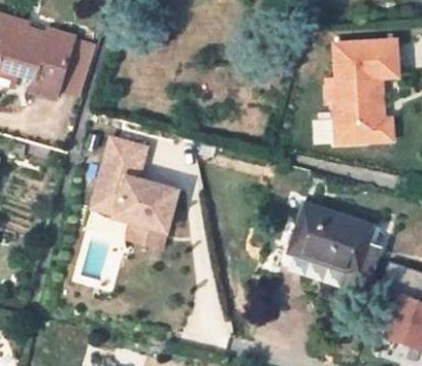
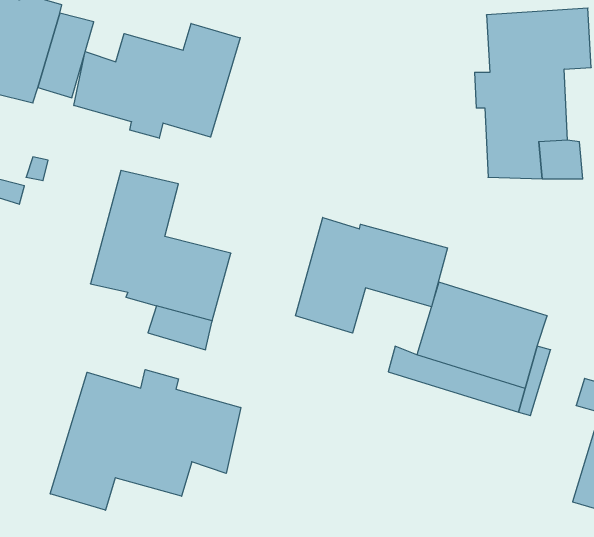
building: none -> [74,23,240,138]
building: none -> [295,217,447,333]
building: none -> [50,370,241,510]

